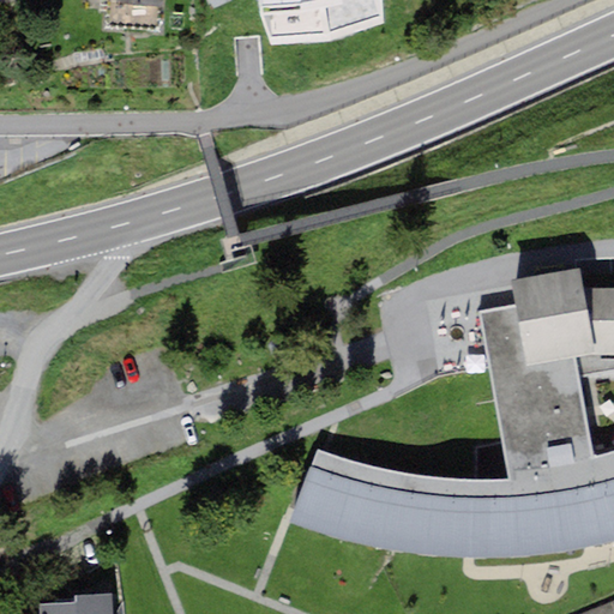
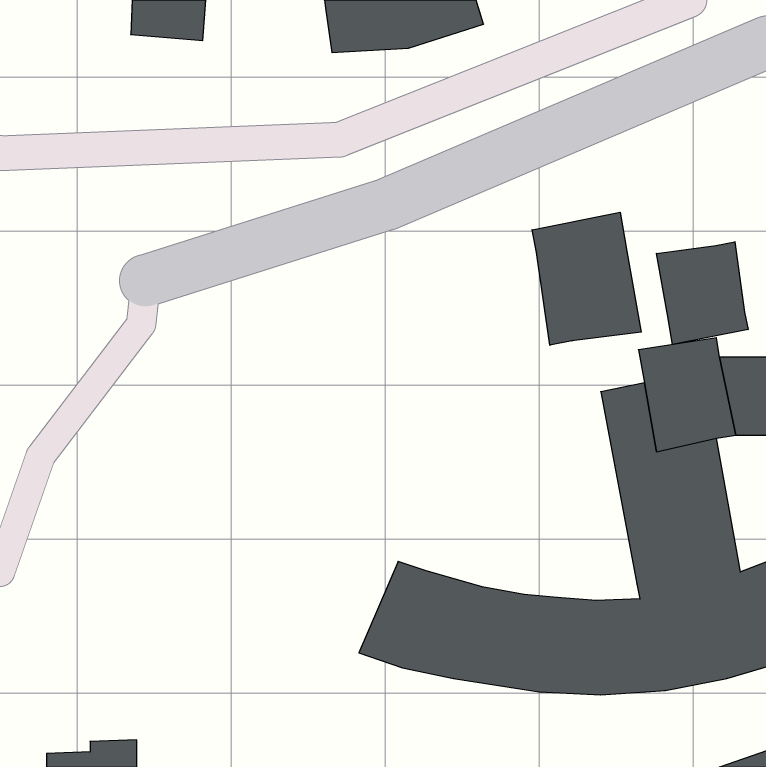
building: none -> [532,212,641,345]
building: none -> [656,242,748,344]

